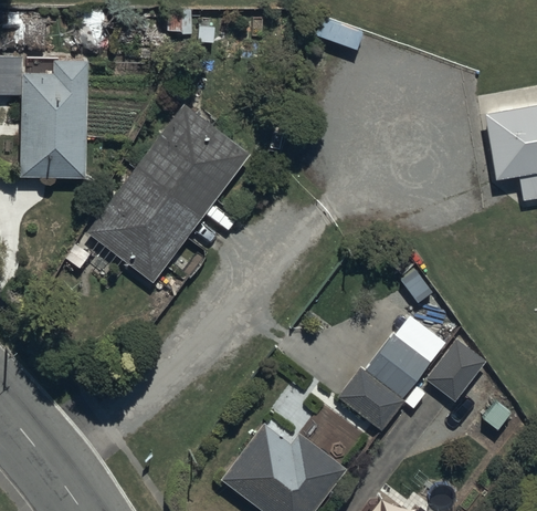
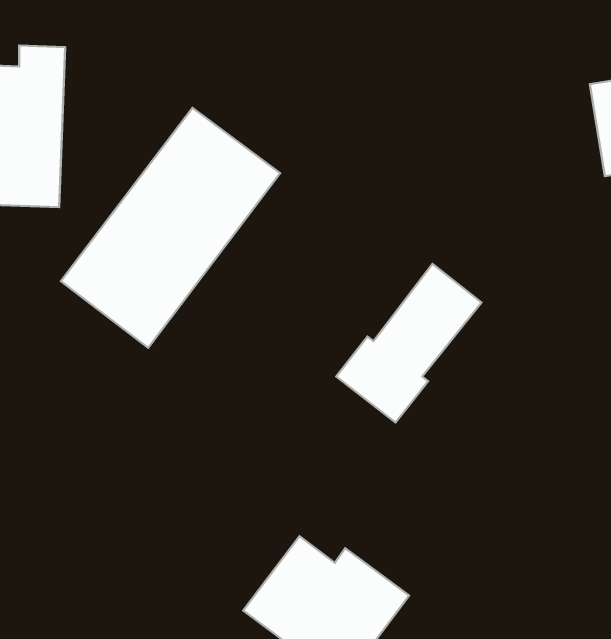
building: [338,314,446,432] -> [336,264,482,423]
building: [425,337,486,401] -> none

